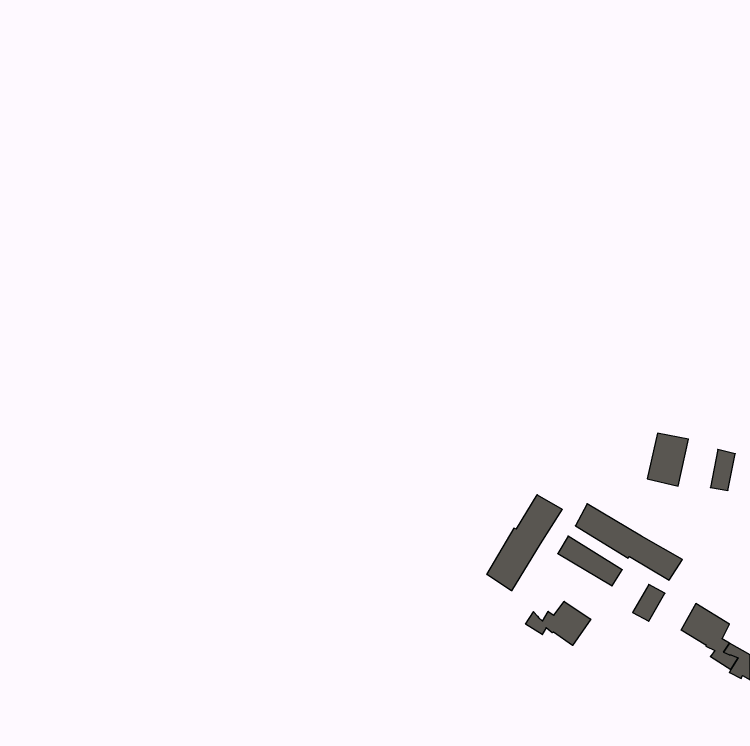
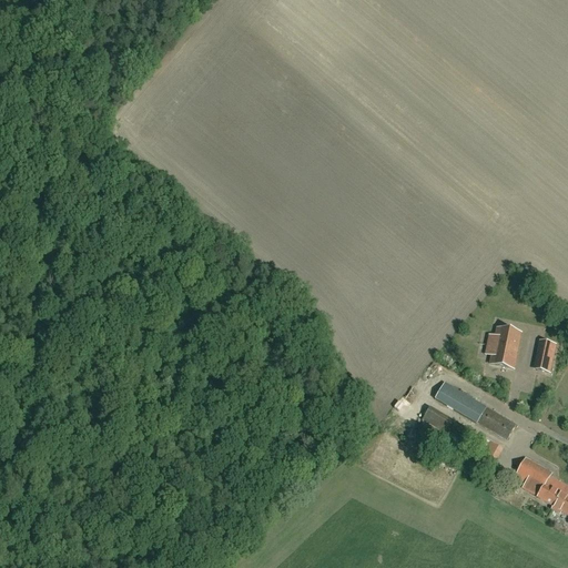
building: [487,495,562,591] -> none
building: [526,601,591,645] -> none

